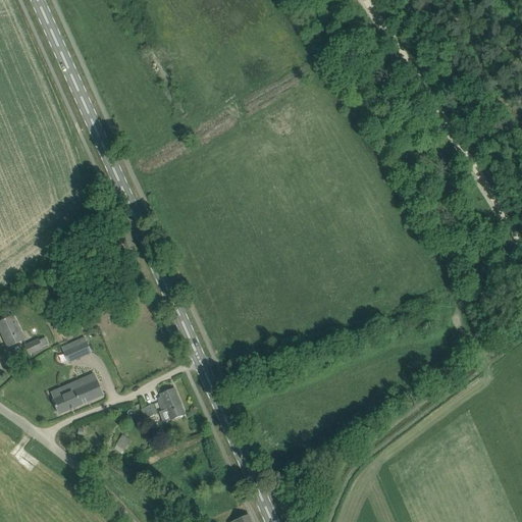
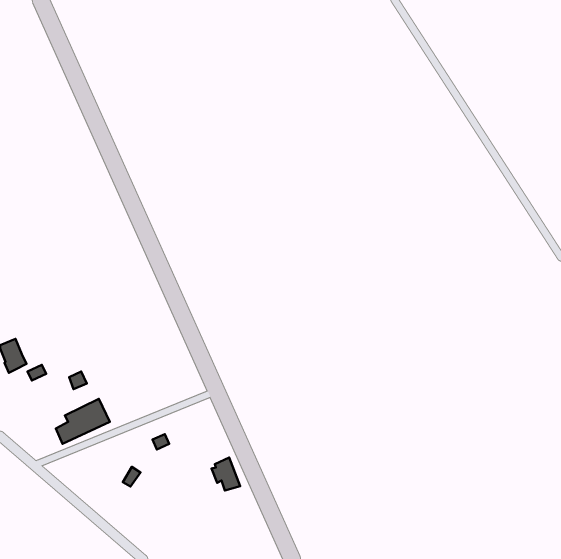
building: [158,387,185,418] -> [212,458,240,490]

